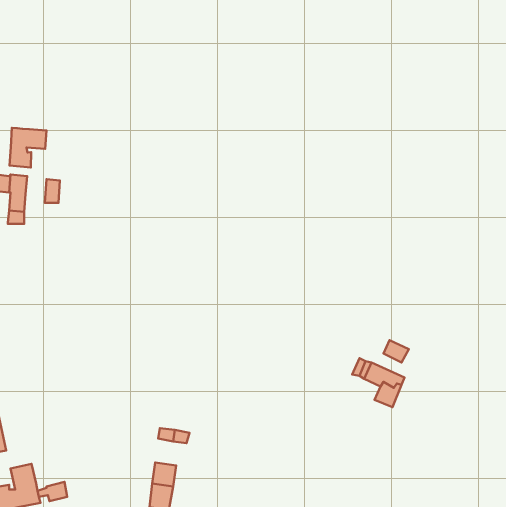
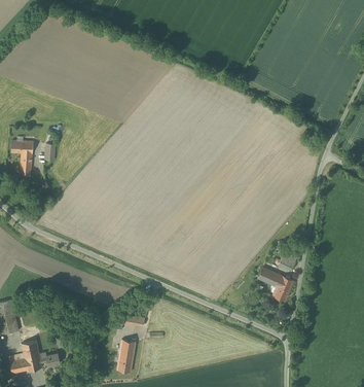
building: [9,128,47,168] -> none

